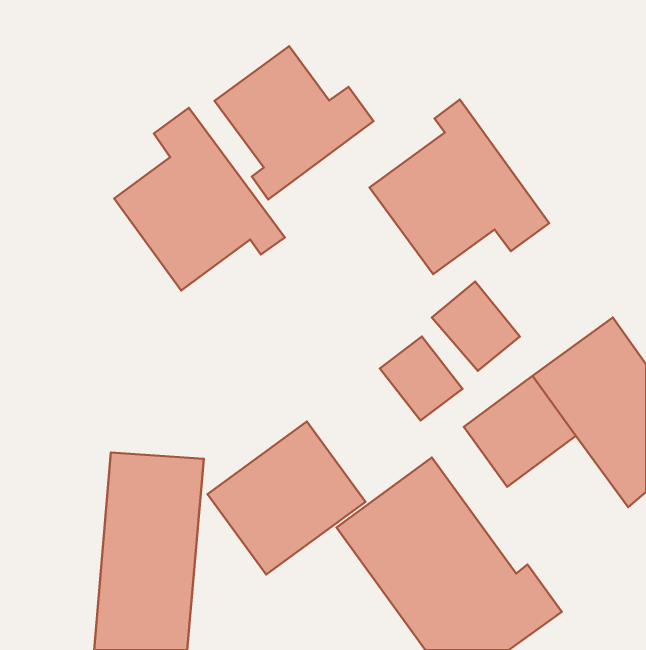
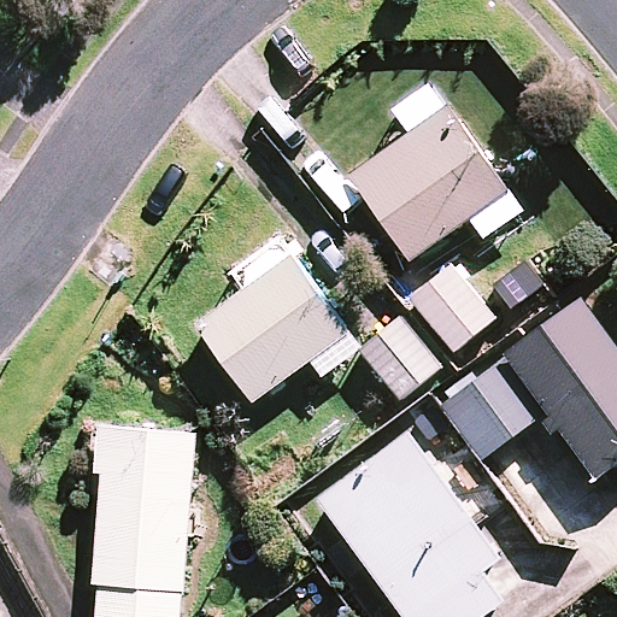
building: [214,46,373,200] -> none
building: [114,108,285,290] -> none
building: [207,422,365,575] -> [196,257,346,401]

